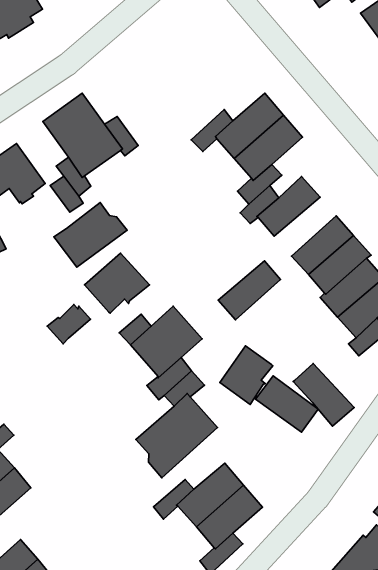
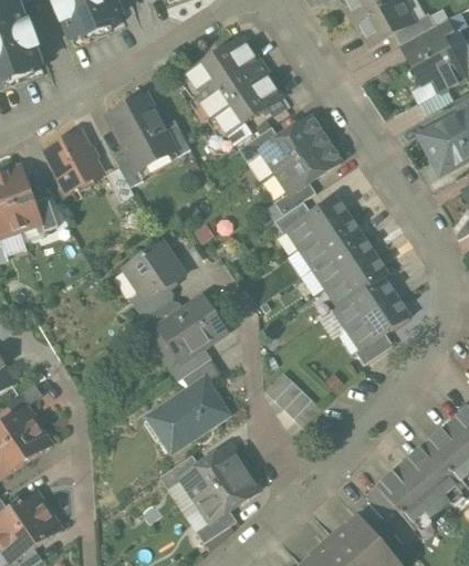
building: none -> [187,38,281,134]
building: [54,203,127,267] -> none
building: [218,261,281,320] -> [302,217,361,266]
building: [47,304,90,344] -> [133,285,173,319]
building: [220,346,273,404] -> none
building: [293,363,354,426] -> none

